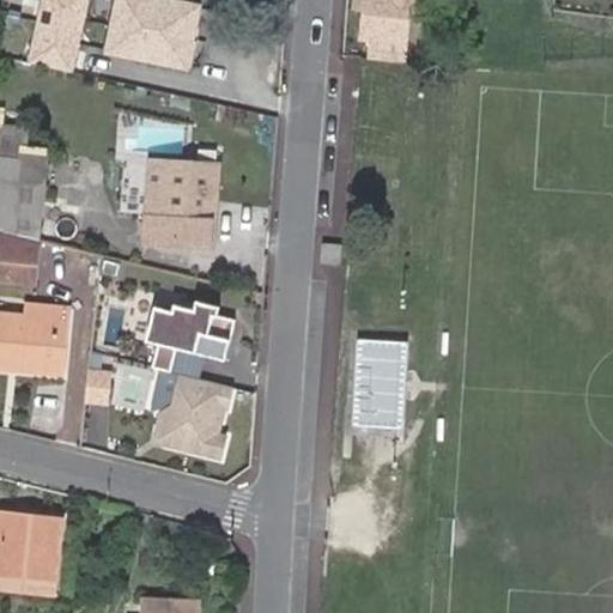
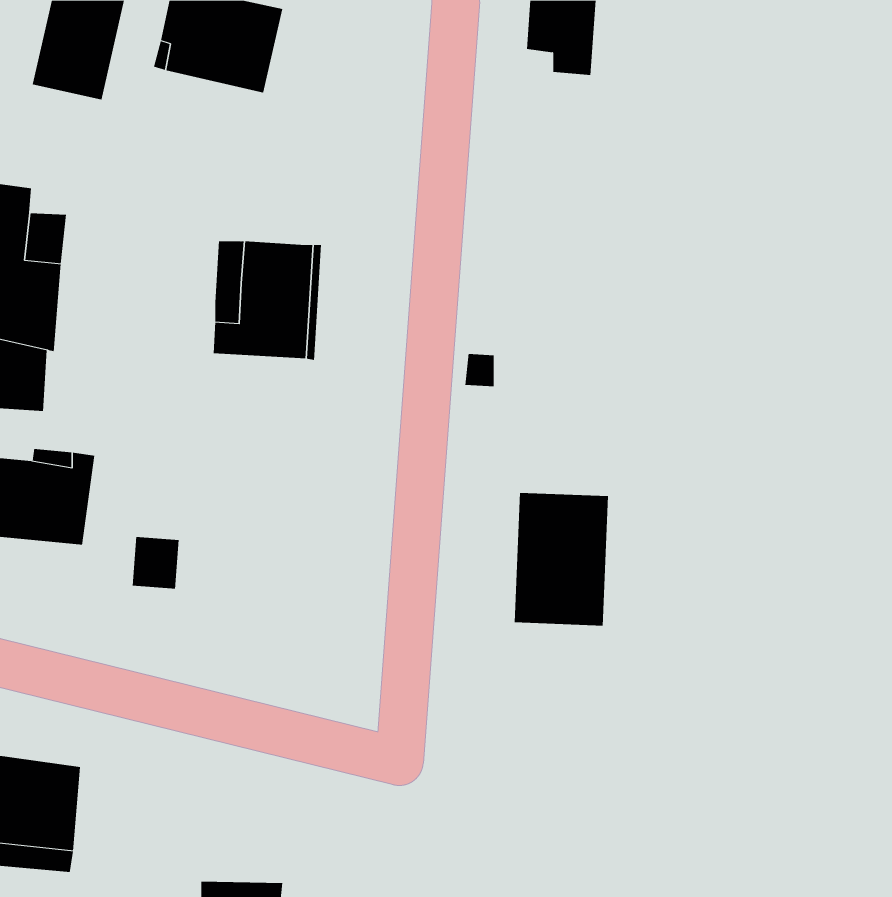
building: [147,292,244,462] -> none

